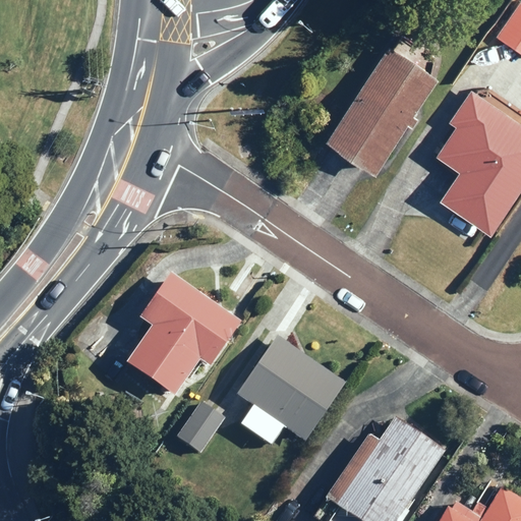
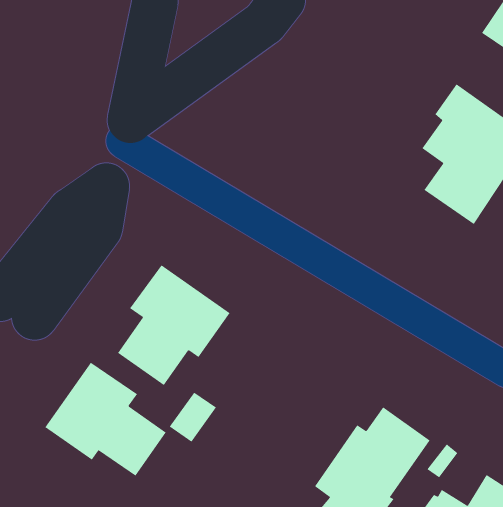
building: [325,44,439,178] -> none
building: [238,336,348,443] -> none
building: none -> [45,362,167,477]

